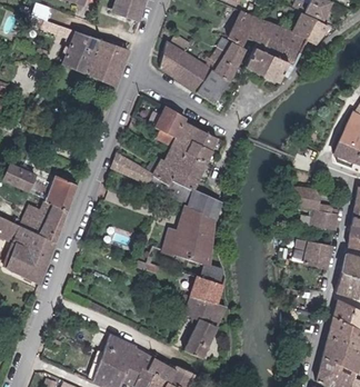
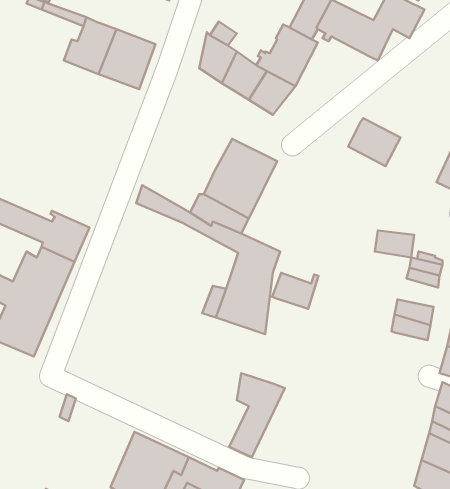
building: [247,44,286,80] -> [348,118,401,166]
building: [154,109,184,145] -> none
building: [188,275,222,301] -> [272,273,319,309]

